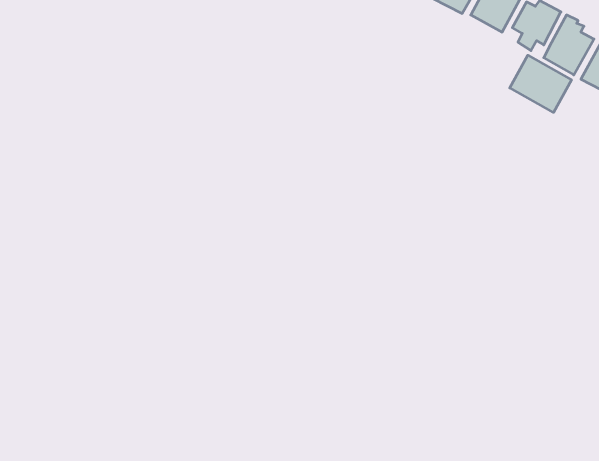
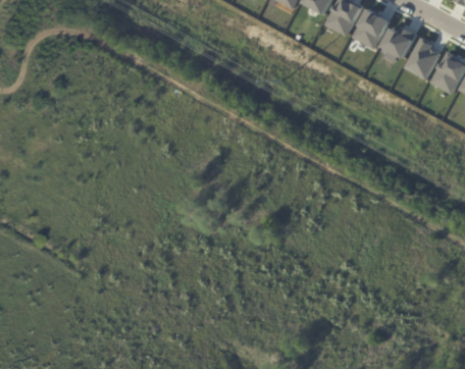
building: [510,55,571,112] -> none

